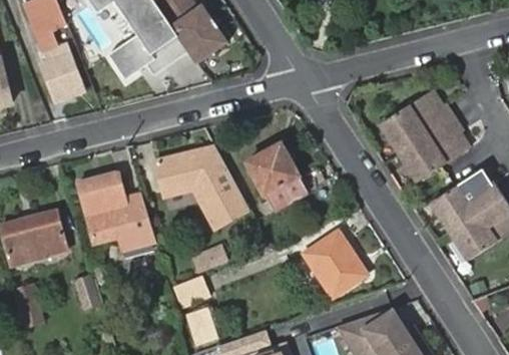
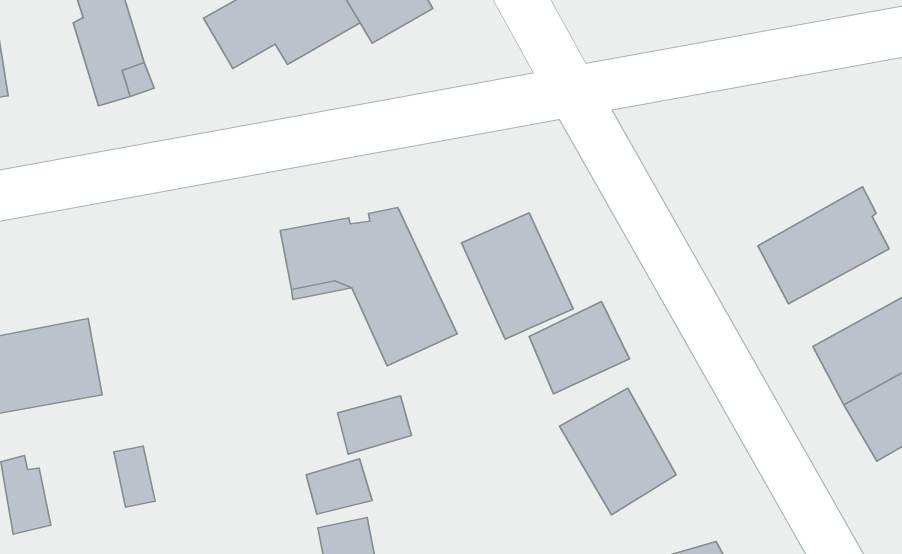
building: [382,92,453,152] -> none
building: [78,170,153,249] -> none
building: none -> [529,302,630,394]

